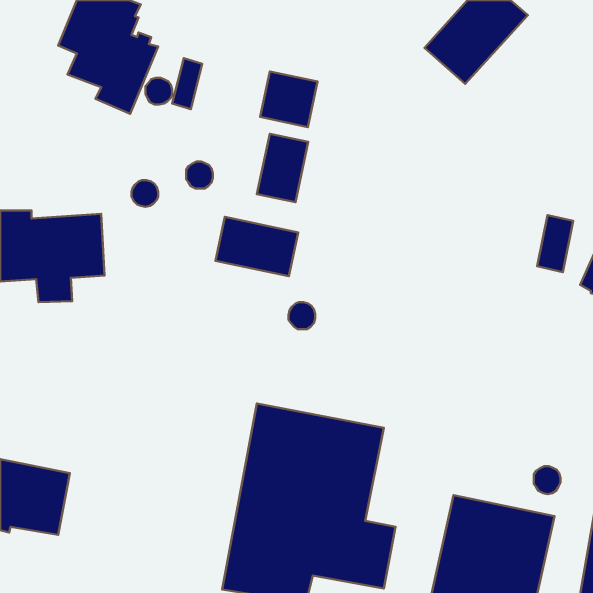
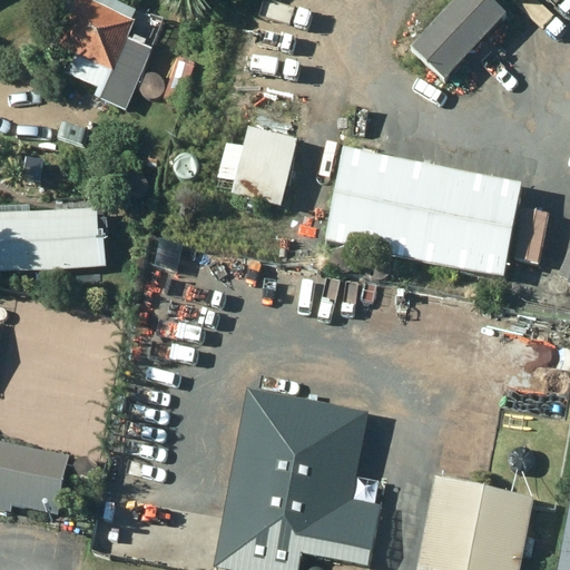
building: [260,72,318,127] -> none
building: none -> [323,145,523,275]
building: [216,217,298,276] -> none

